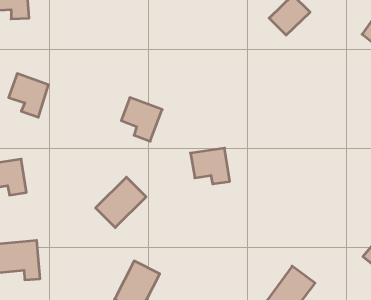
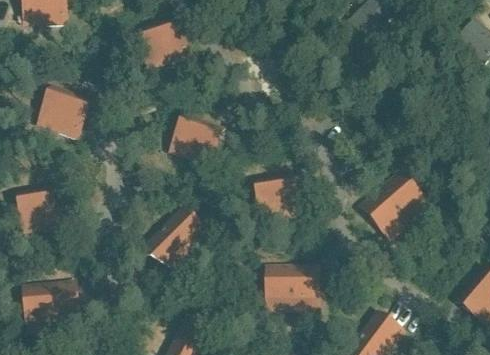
building: none -> [136,17,188,61]
building: none -> [361,172,428,230]
building: none -> [267,266,317,311]

